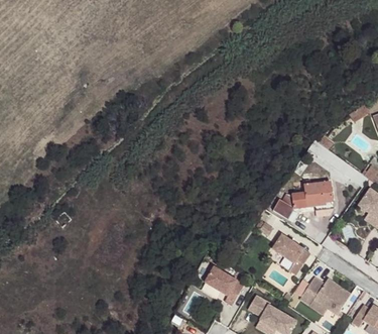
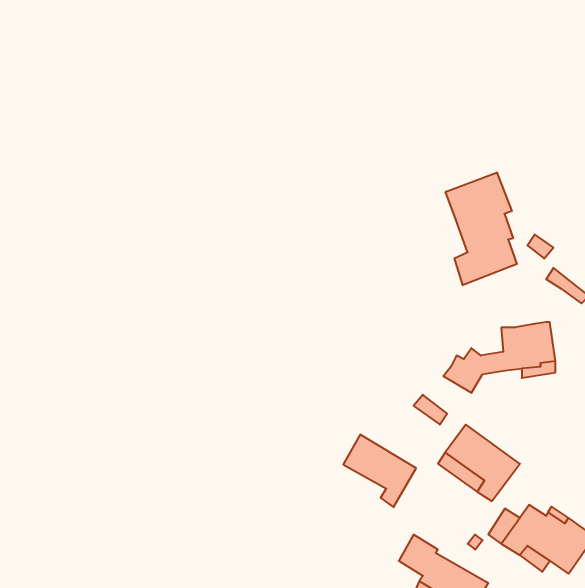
building: none -> [446,172,517,285]
building: [205,267,244,307] -> [343,435,416,507]

